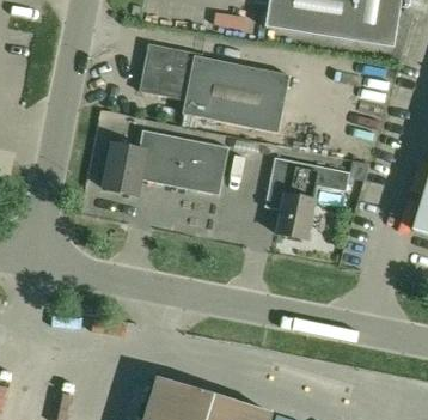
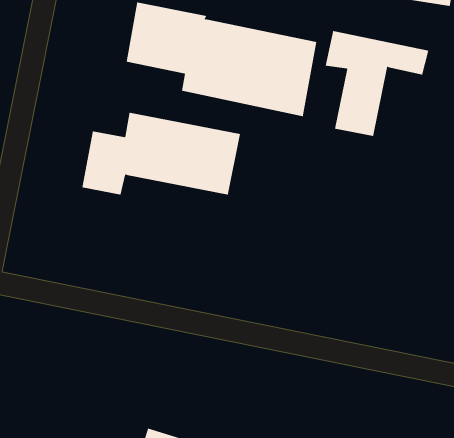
building: [269,156,350,238] -> [325,31,429,136]

